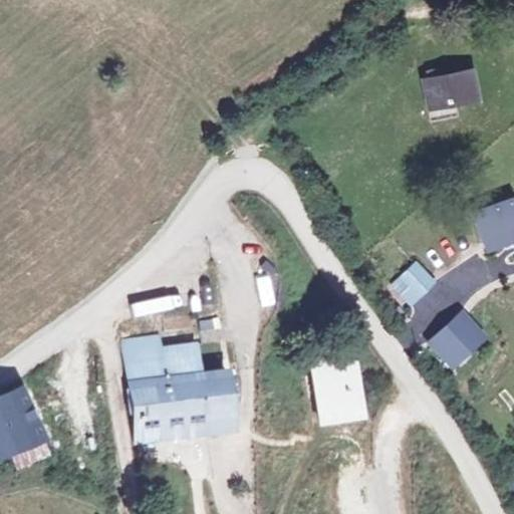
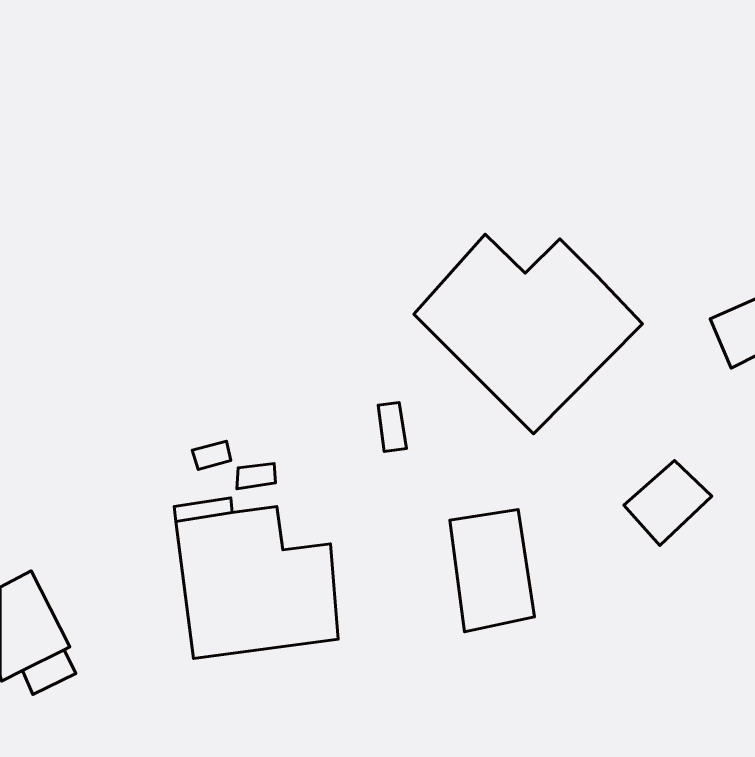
building: [433,69,483,108] -> none
building: none -> [414,234,643,434]
building: [402,257,439,305] -> none

